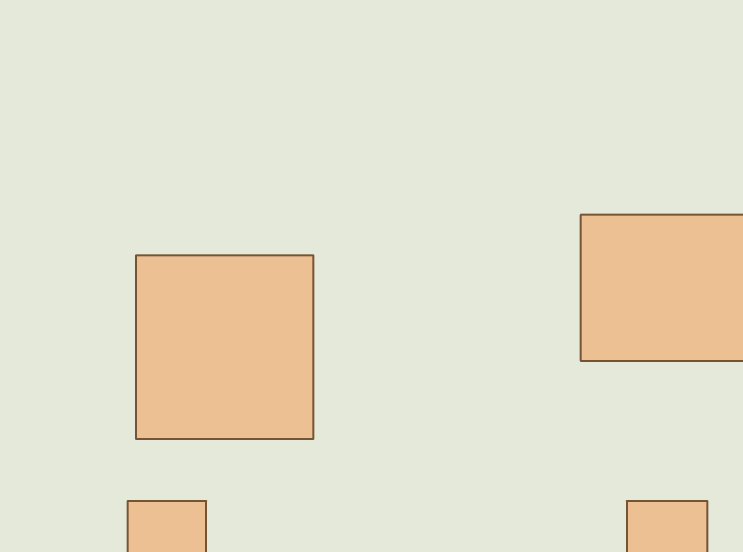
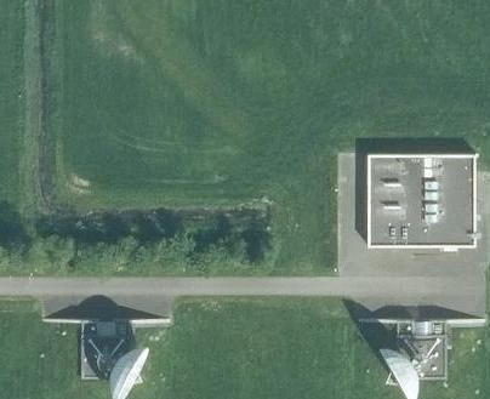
building: [136,255,313,439] -> none

